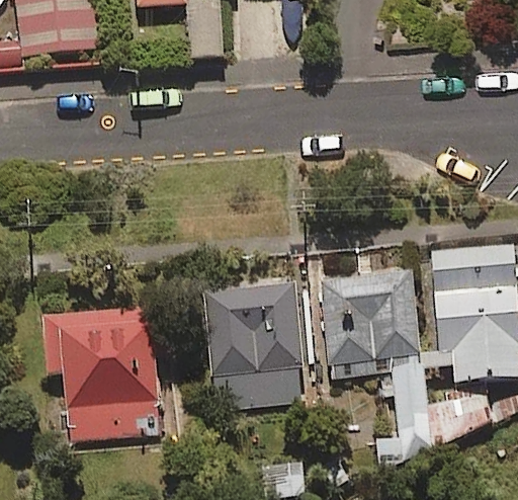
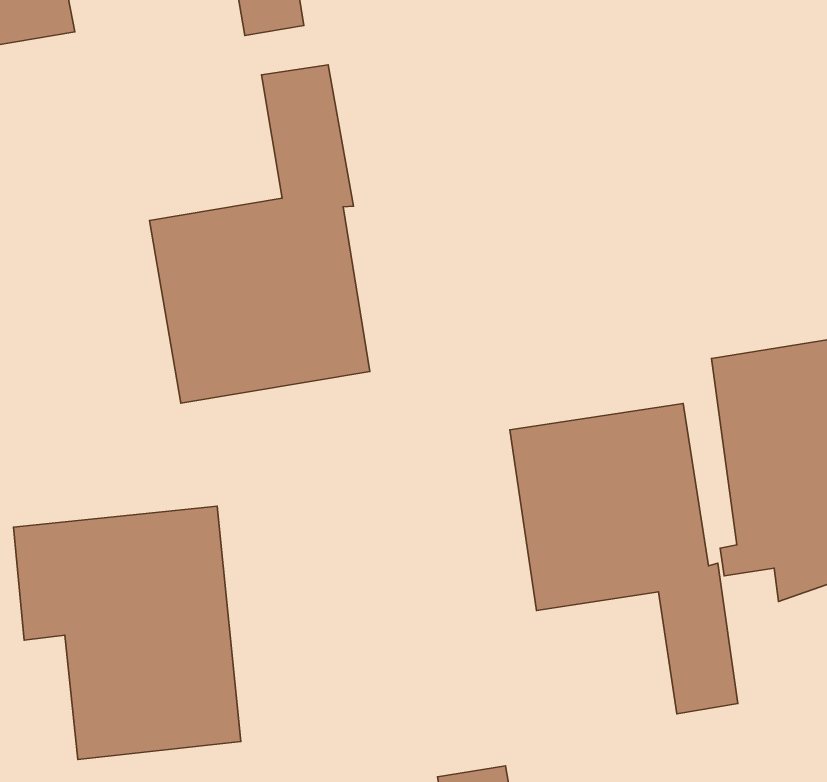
building: none -> [149,65,370,403]
building: [203,279,305,410] -> none

